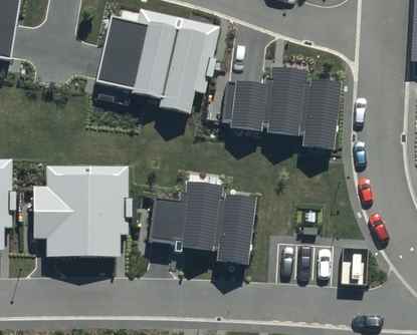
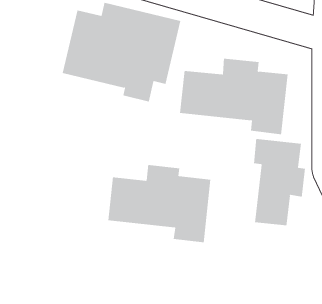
building: none -> [253,138,306,226]
building: [34,164,129,257] -> none

